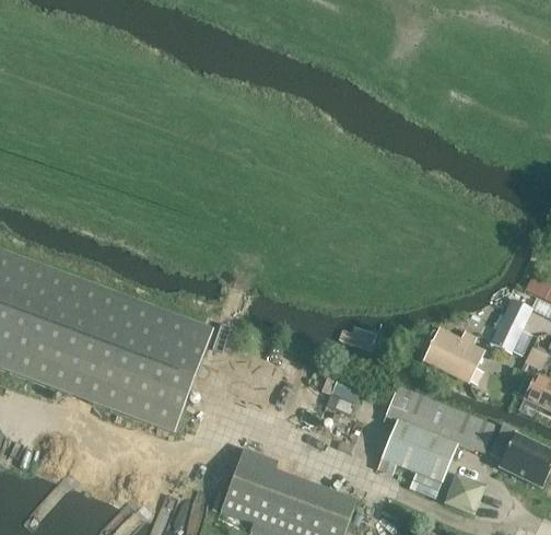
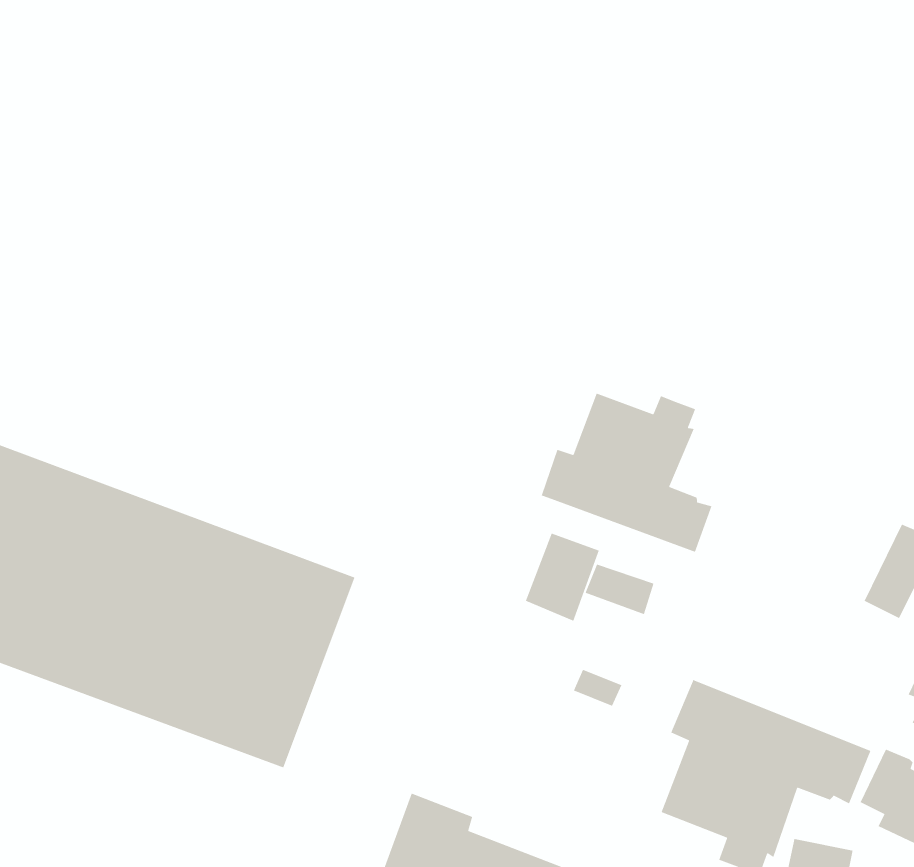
building: none -> [540,392,712,553]
building: none -> [525,532,600,622]
building: [425,328,483,379] -> none

